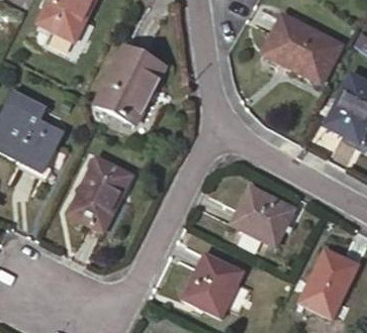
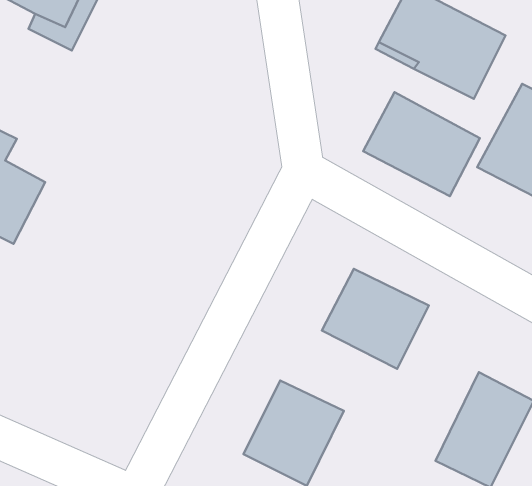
building: [95,45,165,123] -> none
building: none -> [363,92,480,196]
building: [69,157,131,230] -> none

